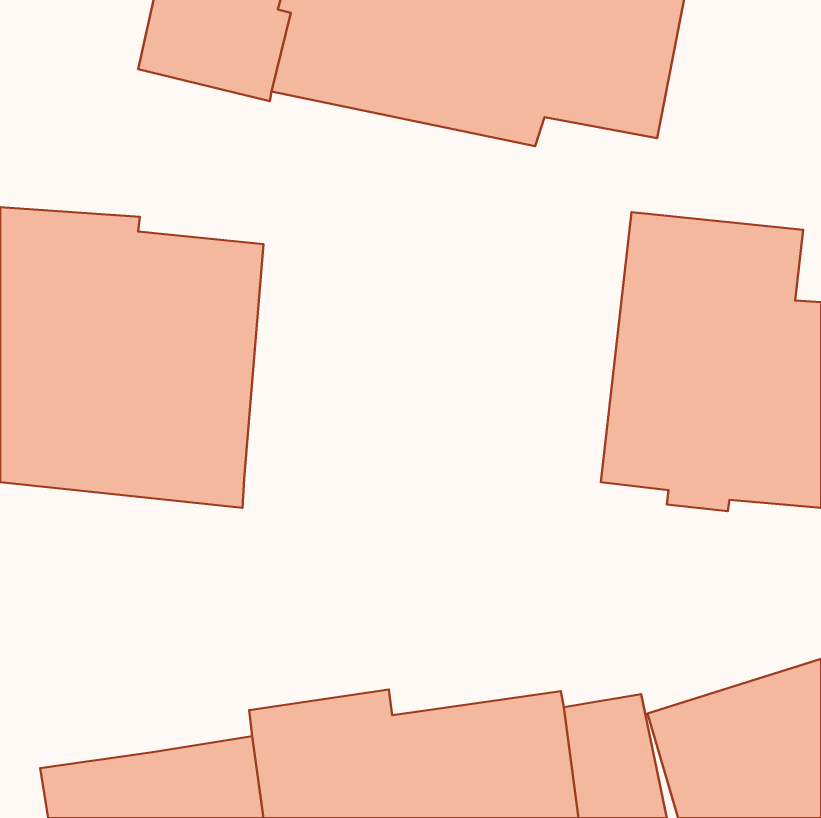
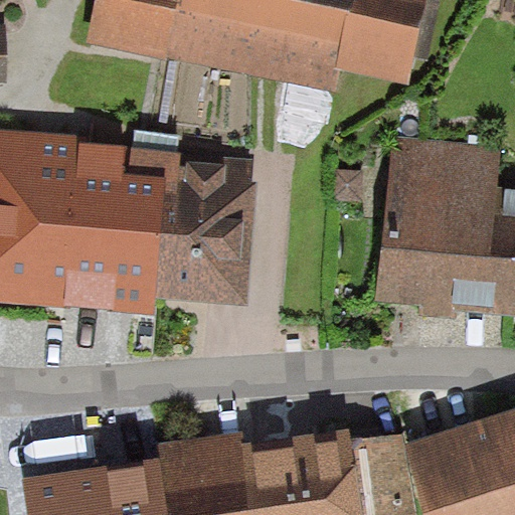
building: none -> [153,153,262,308]

